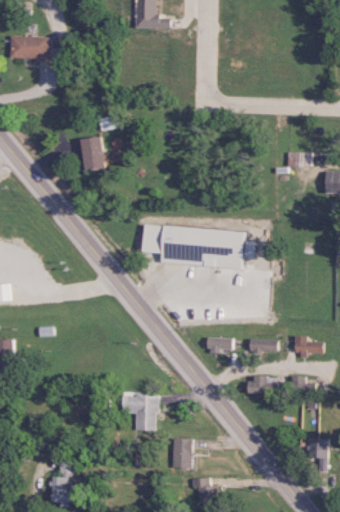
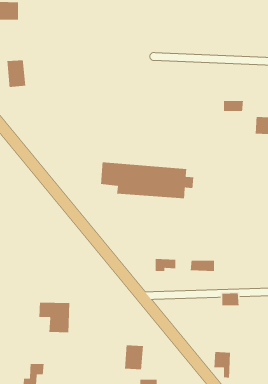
building: [81,137,104,170] -> [6,60,26,88]
building: [293,336,322,354] -> none
building: [248,376,276,392] -> none
building: [120,394,157,431] -> [38,302,70,333]
building: [307,438,327,470] -> [214,351,231,379]

